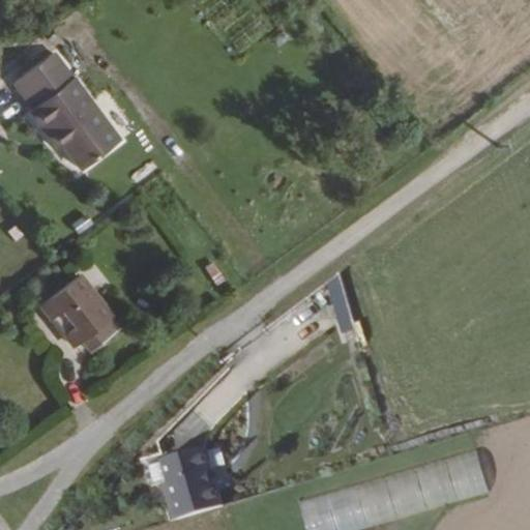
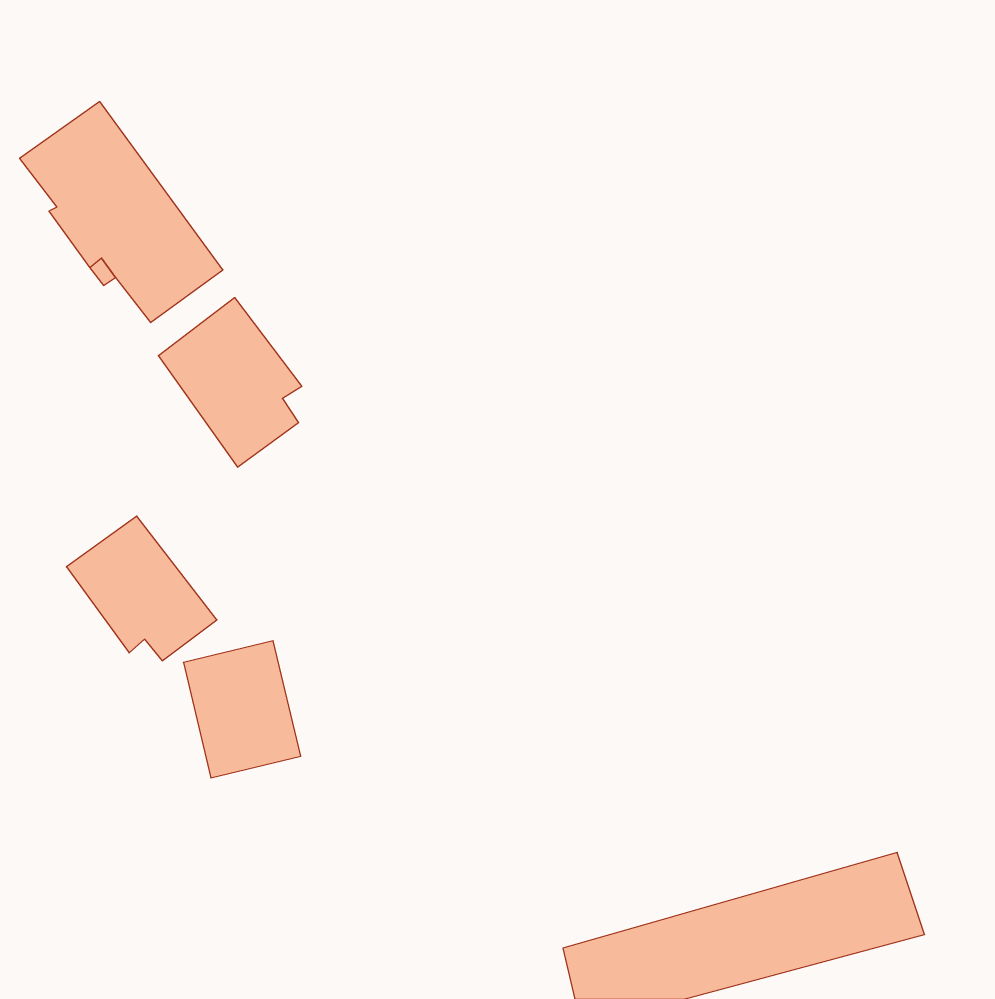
building: none -> [158,298,302,467]
building: [164,441,226,513] -> [183,641,301,778]

